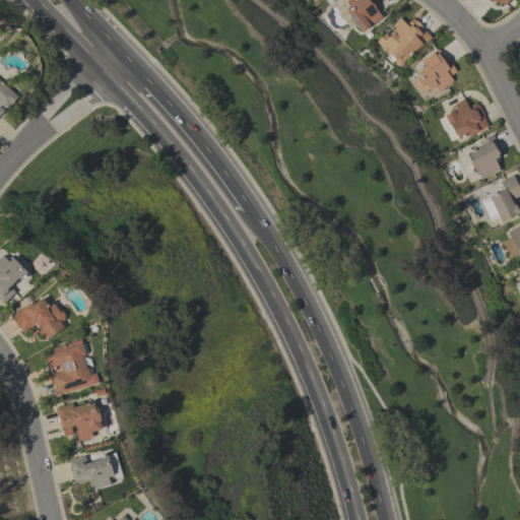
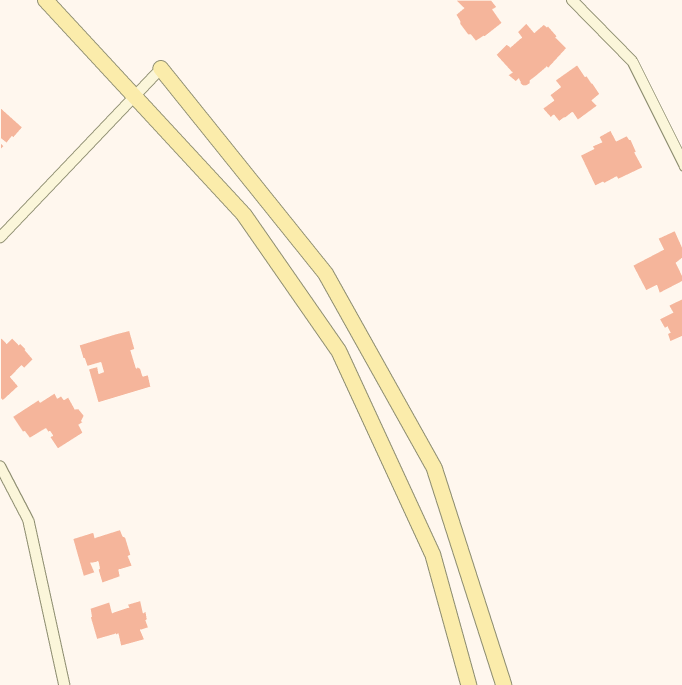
building: [465,135,504,180] -> none
building: [44,340,99,395] -> [79,330,151,403]

